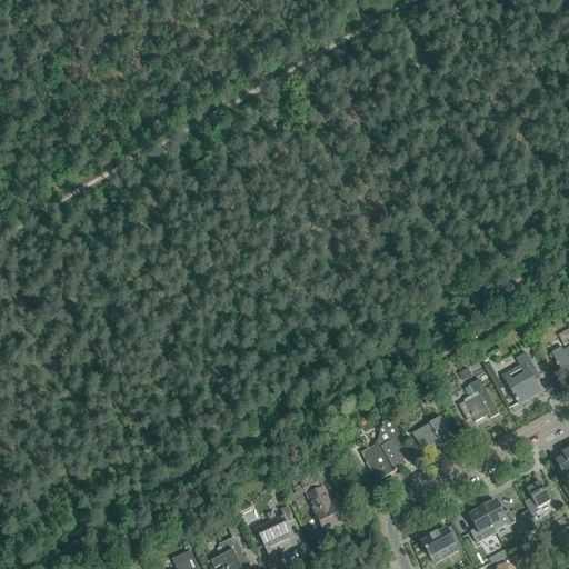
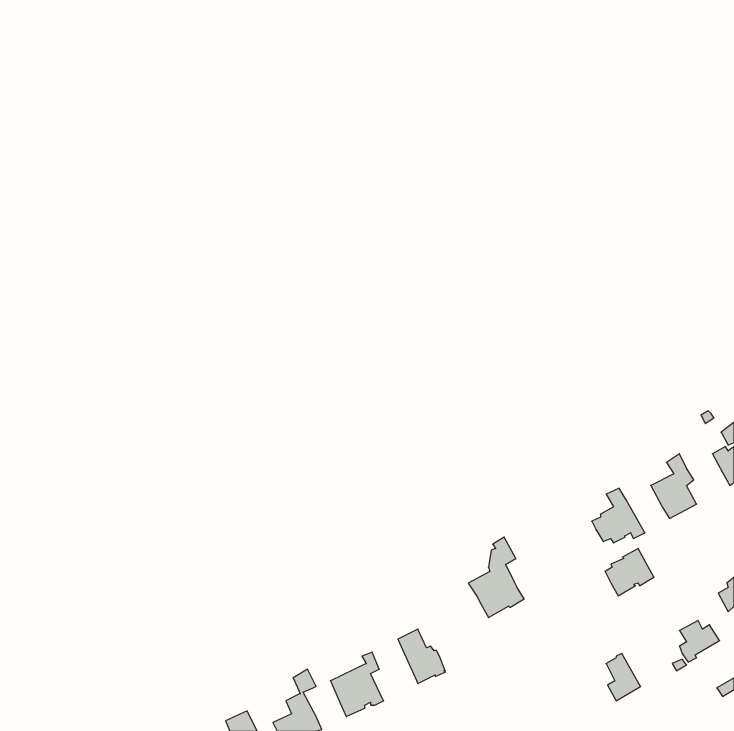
building: [415,416,452,452] -> [605,548,654,596]
building: [481,499,515,531] -> none
building: [421,527,455,556] -> none

